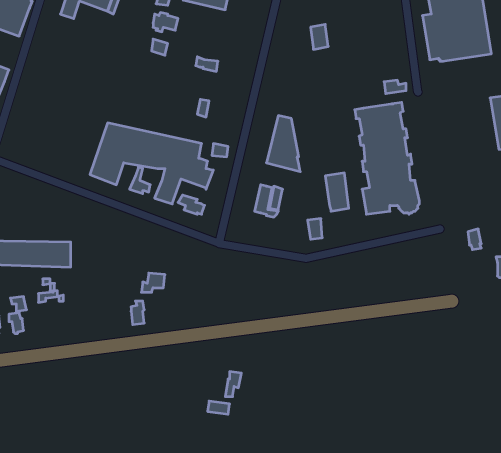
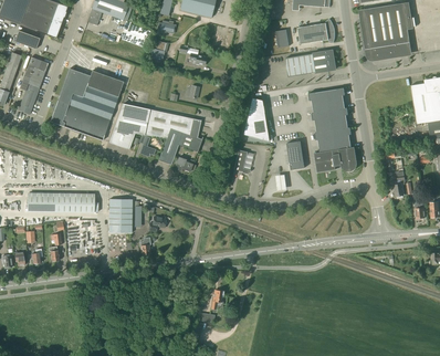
building: none -> [297,18,335,43]
building: none -> [285,50,335,76]
building: none -> [50,67,124,139]
building: none -> [108,198,132,232]

